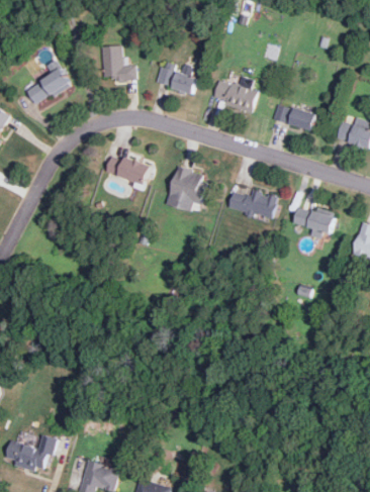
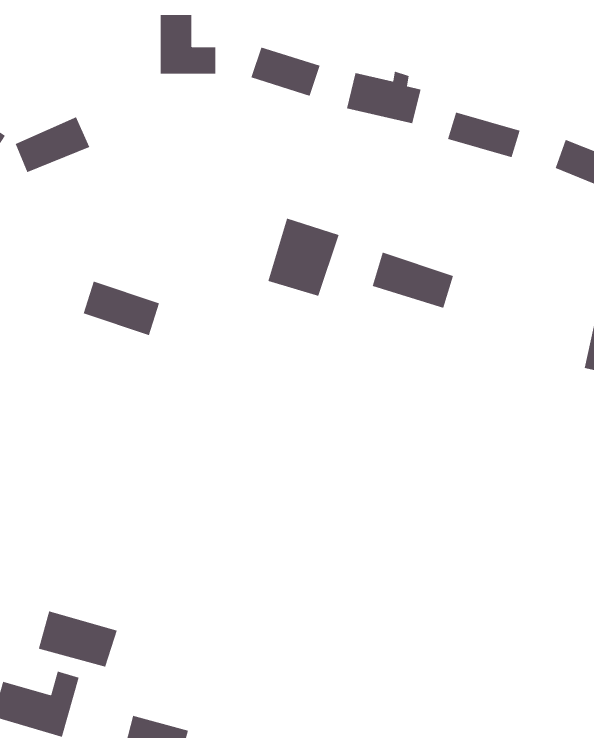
building: [26,70,71,103] -> [15,116,90,173]
building: [105,153,151,185] -> [83,281,160,336]
building: [293,206,335,239] -> none
building: none -> [38,610,118,667]

